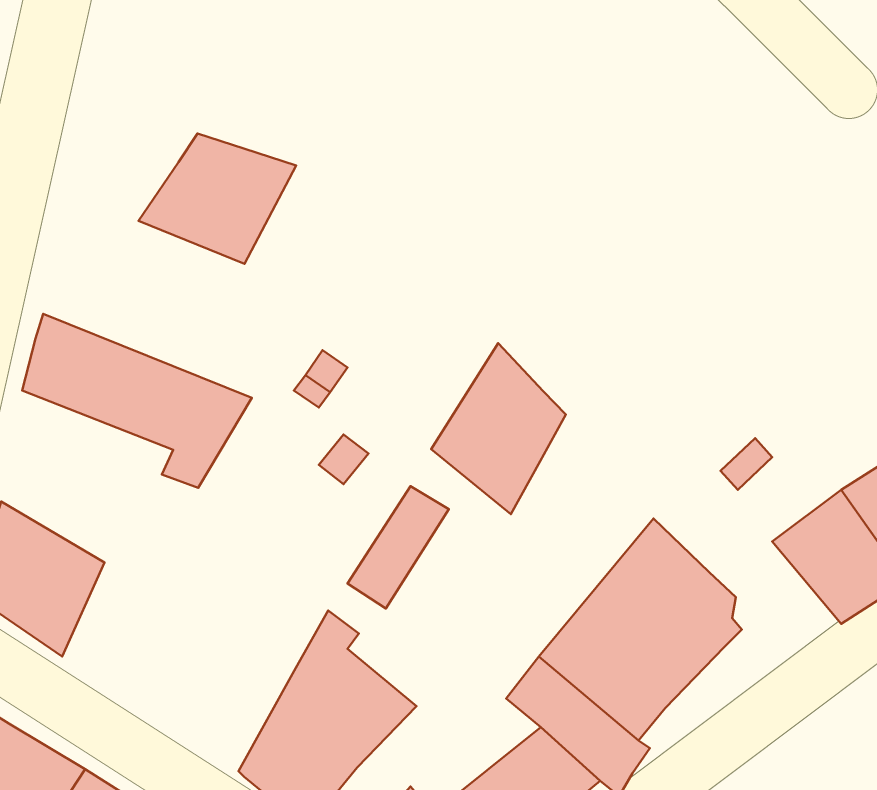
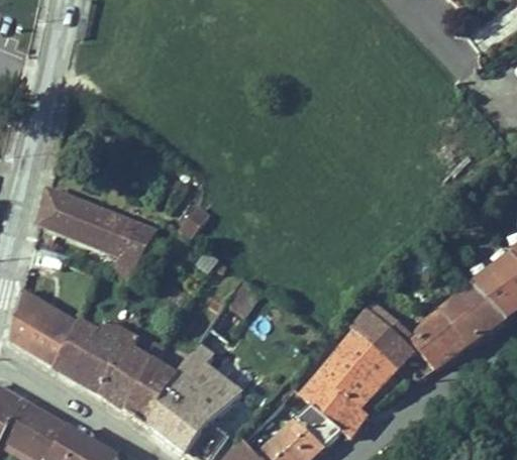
building: [139,134,296,264] -> none
building: [431,343,566,514] -> none
building: none -> [399,300,469,373]
building: none -> [58,316,181,428]

